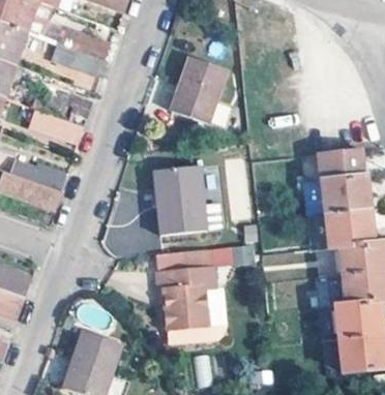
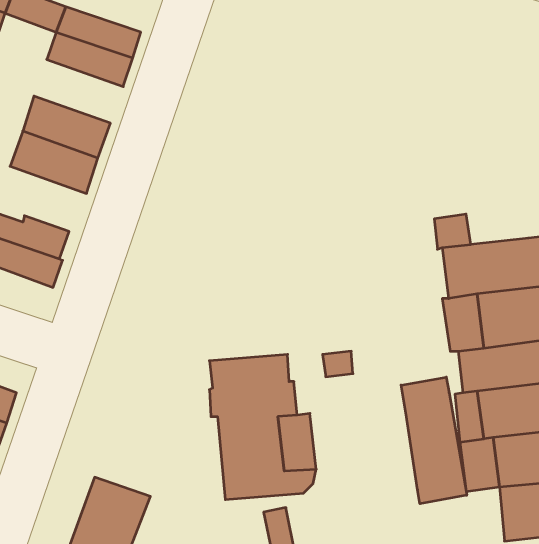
building: [170,56,227,123] -> none
building: [324,151,364,180] -> none
building: [152,170,204,238] -> none
building: none -> [401,377,467,504]

